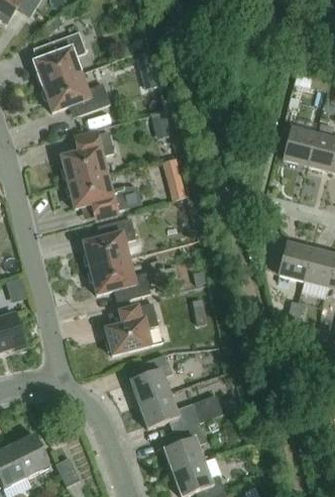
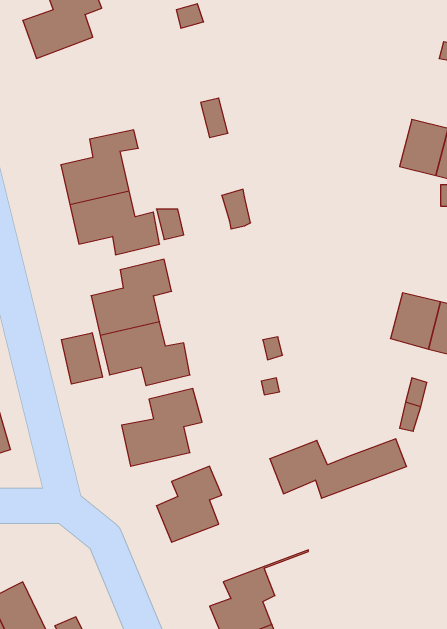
building: [43,71,111,114] -> none
building: none -> [61,333,102,384]
building: [133,393,224,432] -> [270,439,407,498]

